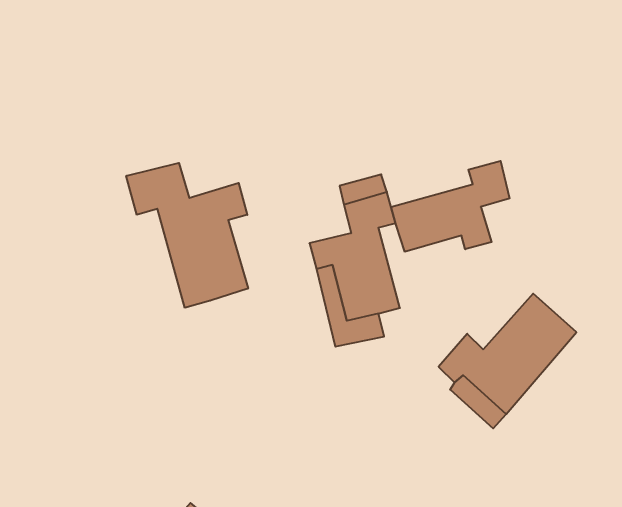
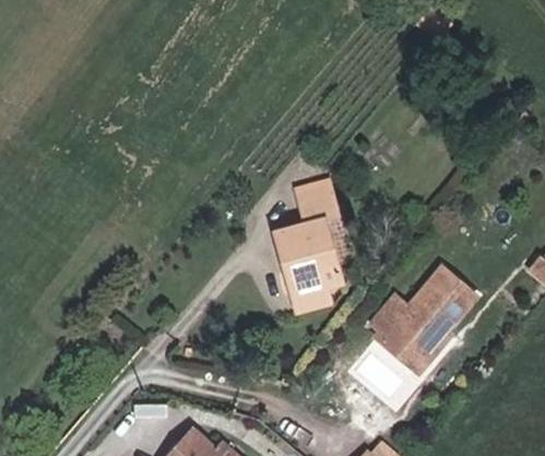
building: [391,161,510,252] -> none
building: [126,163,248,308] -> none

